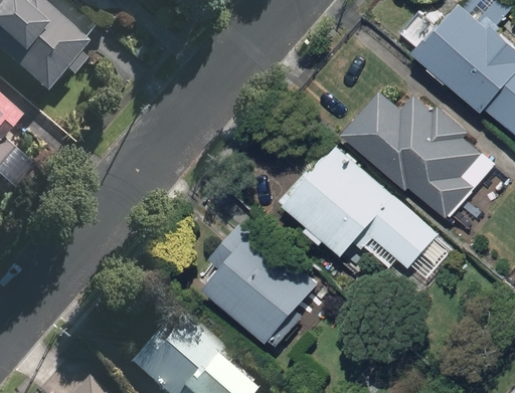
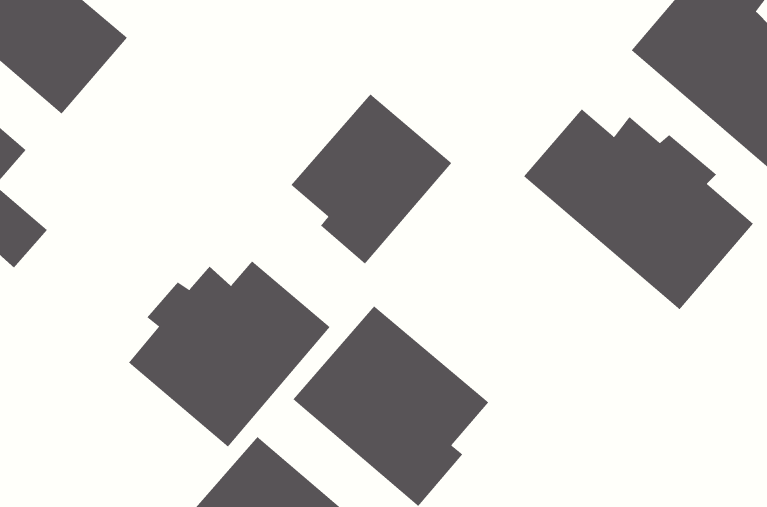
building: none -> [290,94,452,264]
building: [280,142,441,272] -> none
building: none -> [128,260,331,448]

